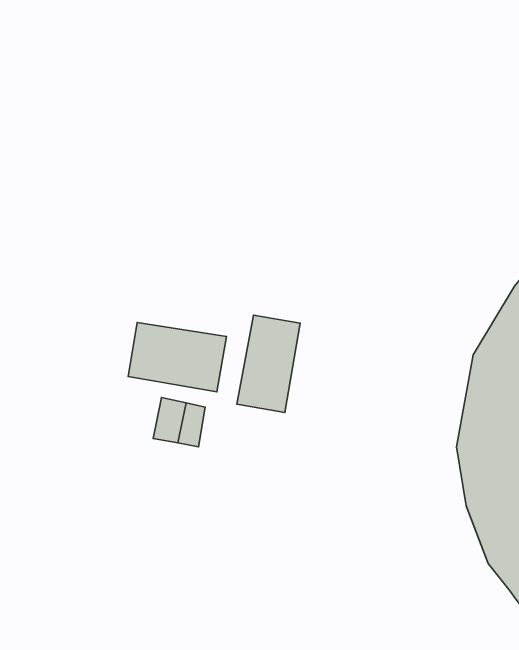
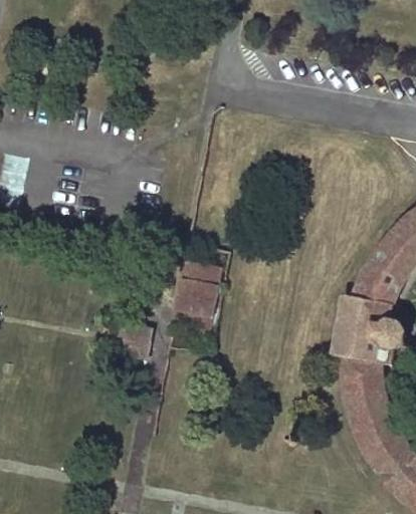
building: [128,322,226,392] -> none

